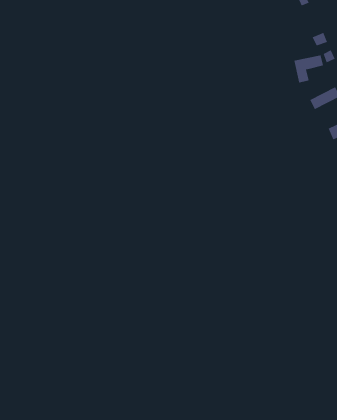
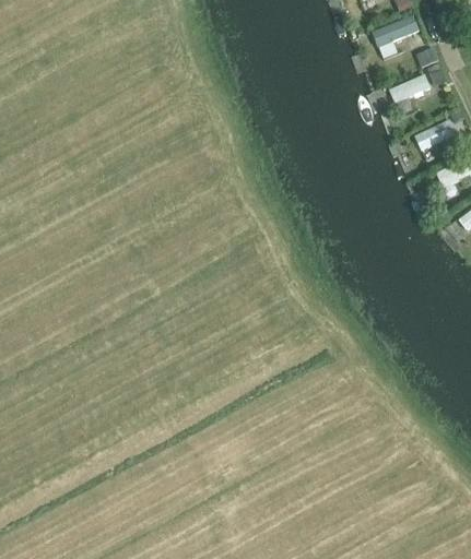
building: none -> [372,14,421,47]

